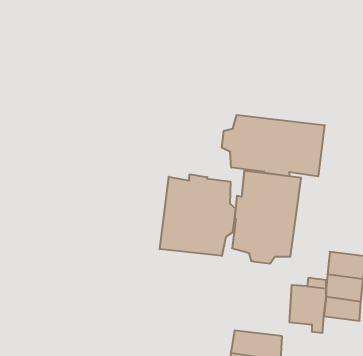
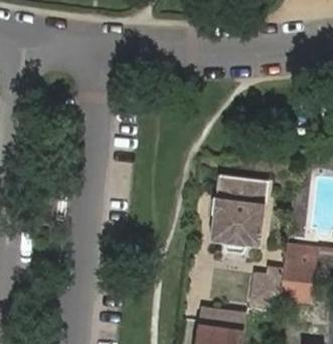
building: [222,115,325,176] -> none
building: [160,174,236,256] -> none

